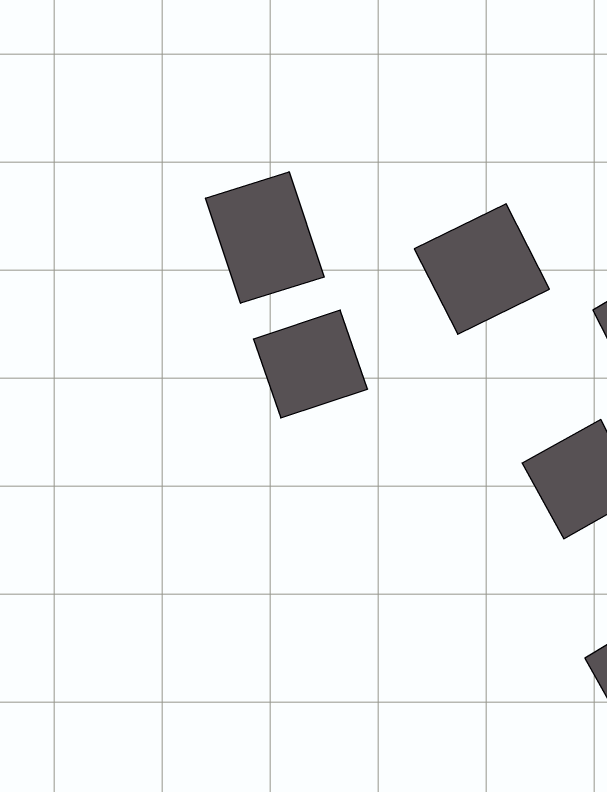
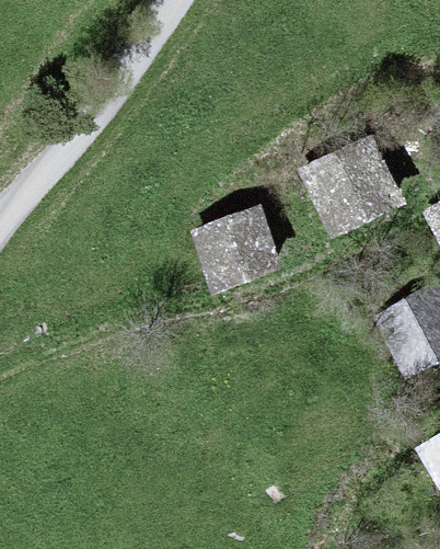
building: [206,172,324,303] -> none

